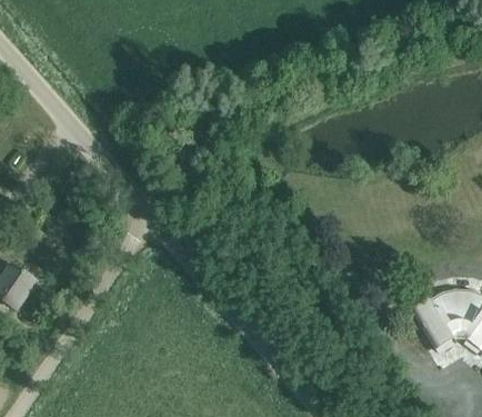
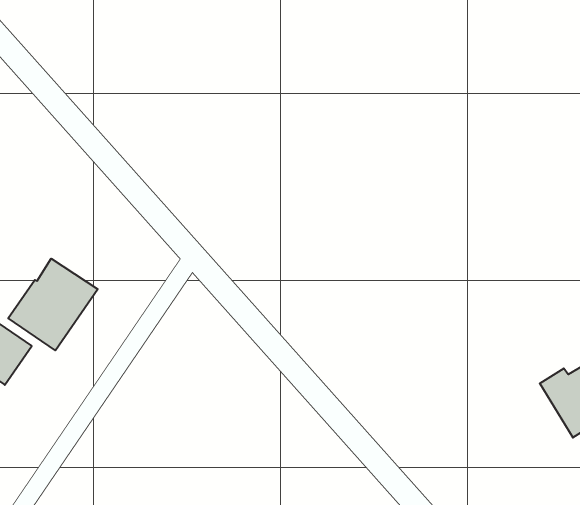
building: none -> [8,259,98,350]

